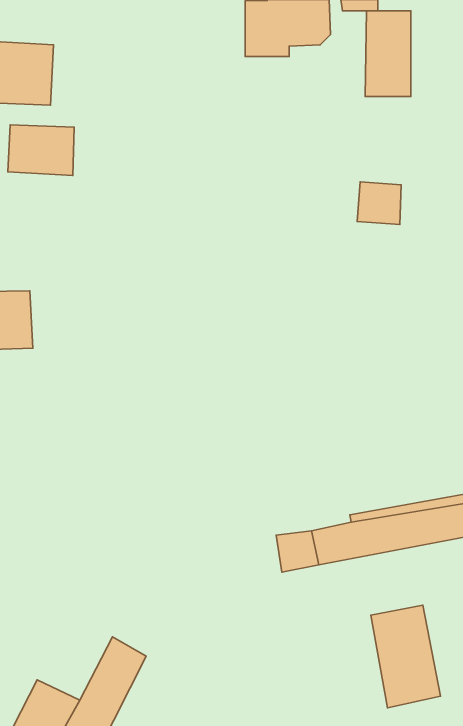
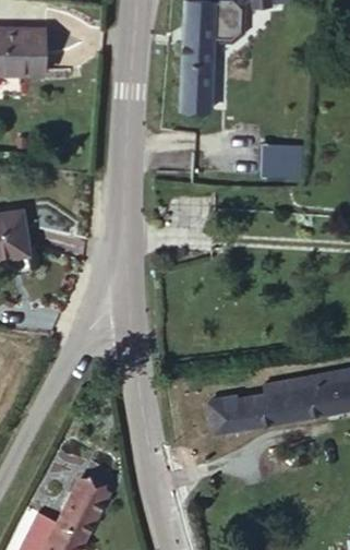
building: [365,11,411,96] -> [182,46,216,109]
building: [8,125,74,176] -> none
building: [371,605,441,708] -> none

